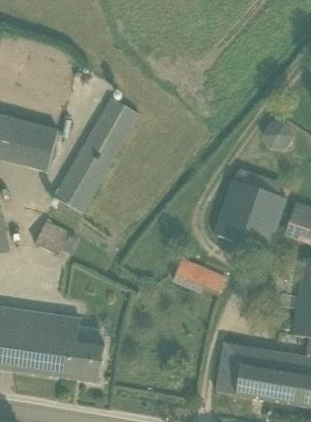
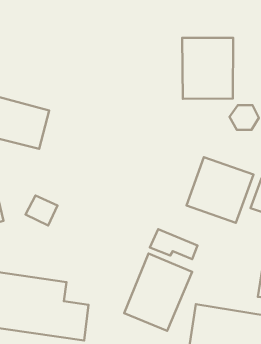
building: none -> [182,38,233,99]
building: [54,96,139,212] -> none
building: none -> [124,254,192,331]

